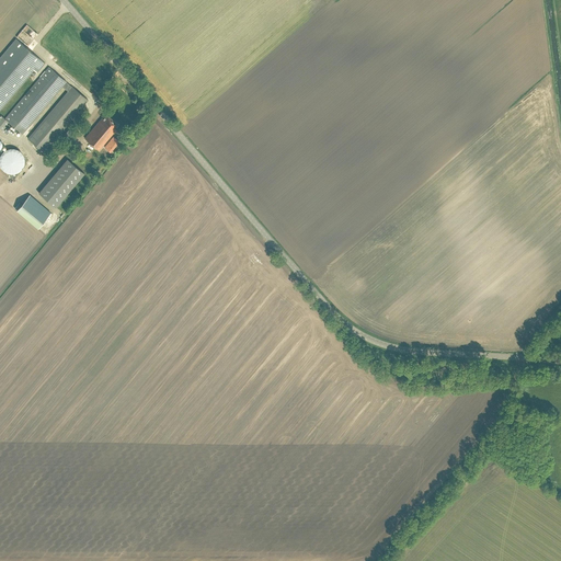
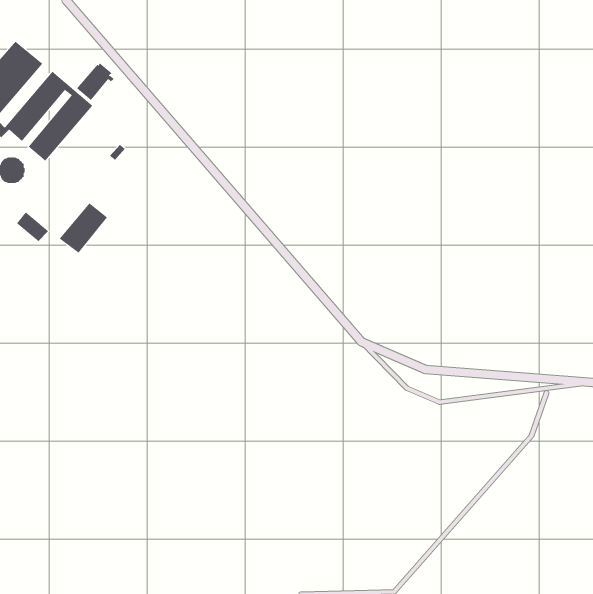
building: [83,114,119,150] -> [76,63,114,101]
building: [37,159,83,207] -> [59,202,108,254]

